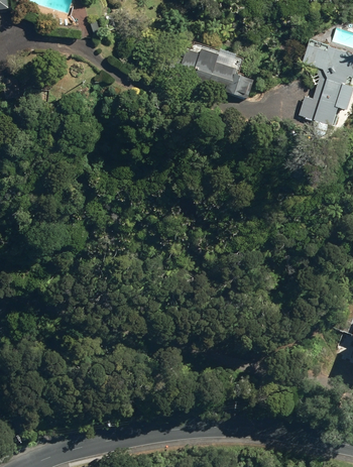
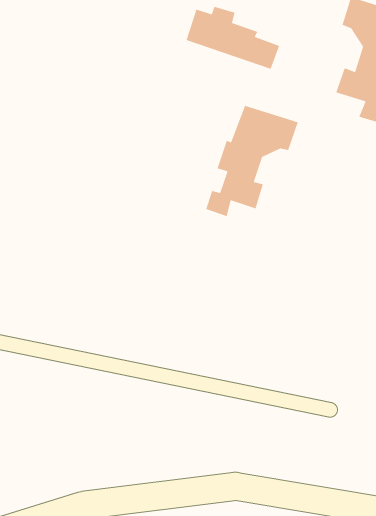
building: none -> [205,105,299,217]

